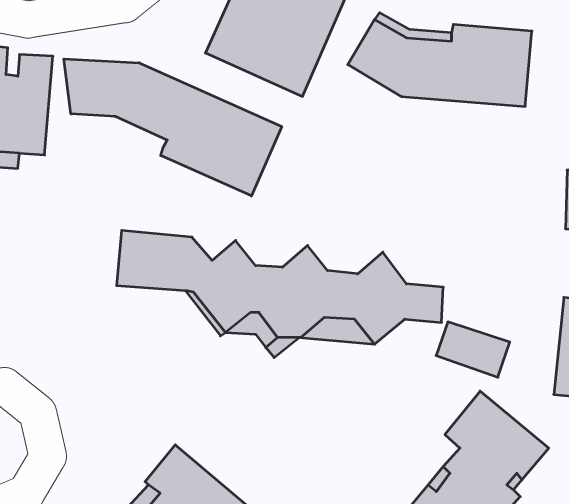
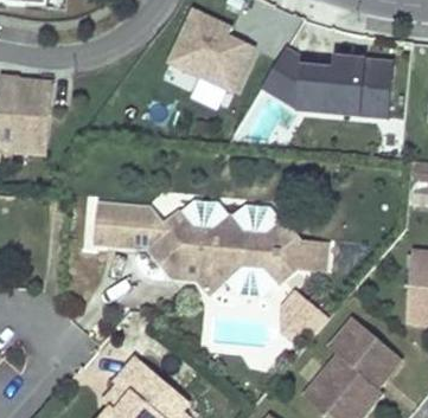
building: [64,59,282,196] -> none
building: [436,322,510,377] -> [277,292,330,332]

